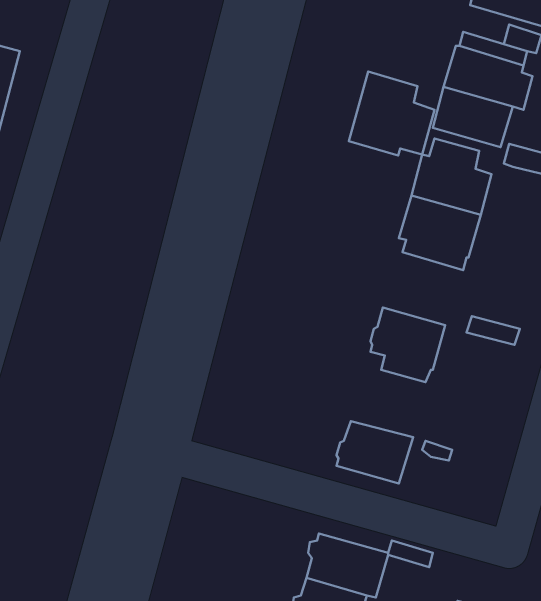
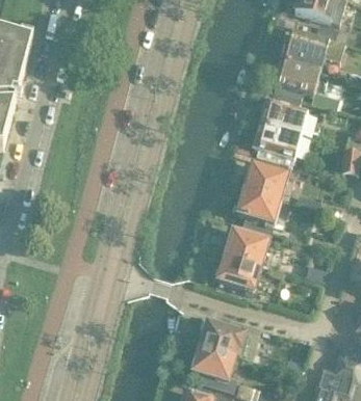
building: [349,71,435,156] -> none
building: none -> [244,162,288,197]
building: none -> [226,223,269,263]

